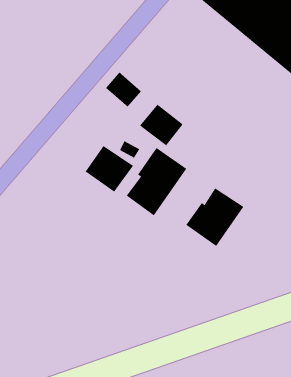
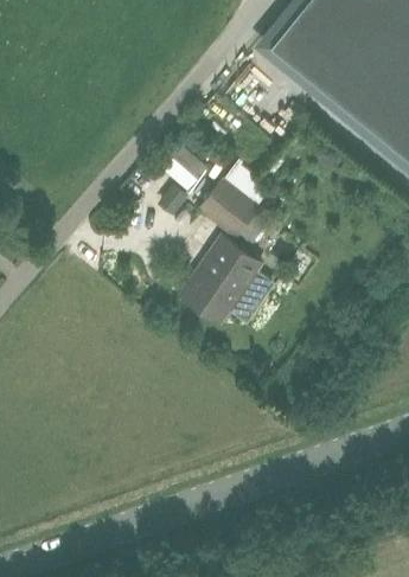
building: [85,145,134,192] -> none
building: [186,187,244,247] -> none

